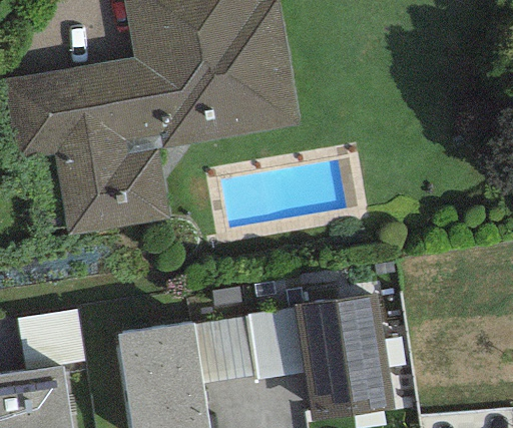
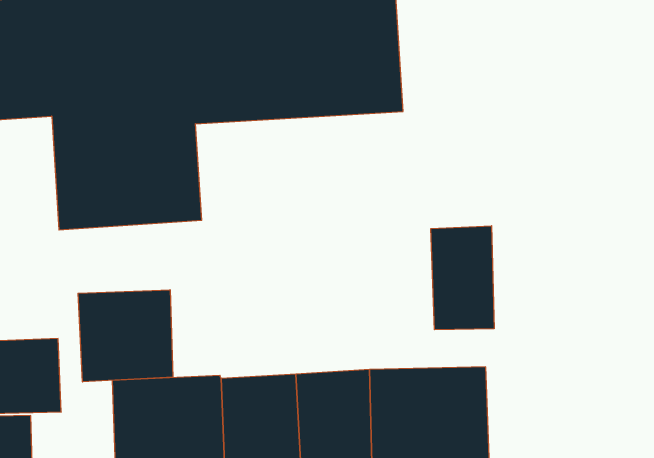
building: none -> [431,226,494,330]
building: none -> [78,290,173,382]

